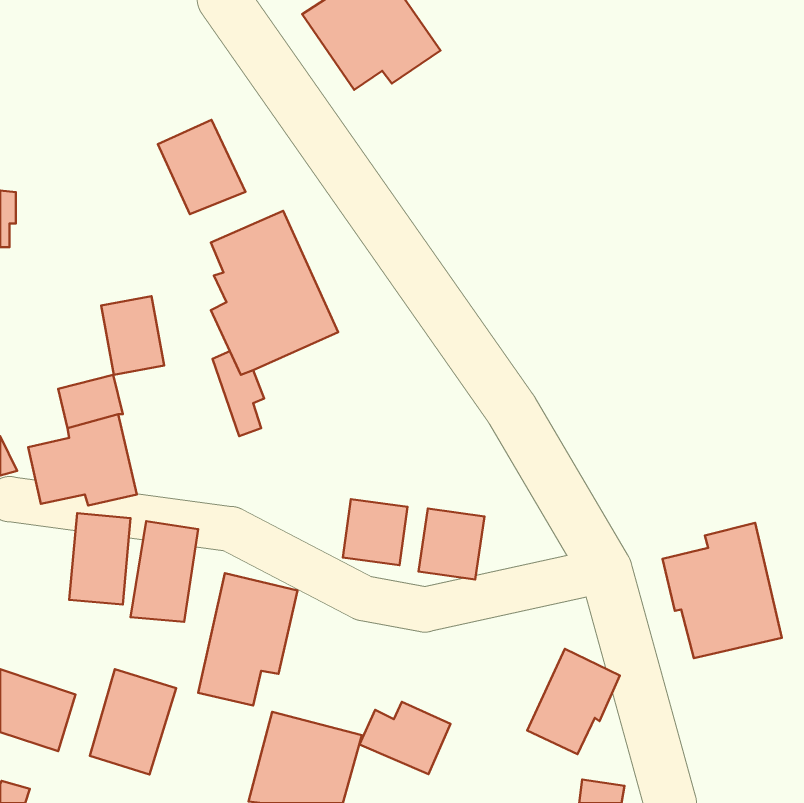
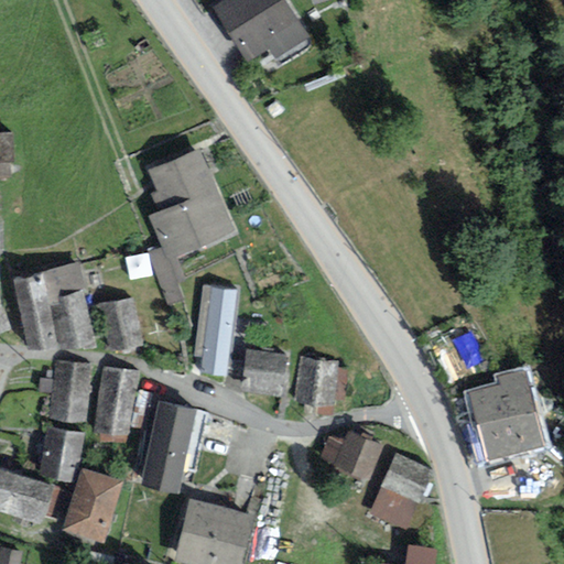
building: [158,120,246,214] -> none
building: [101,296,164,375] -> [97,297,141,352]
building: none -> [12,272,48,313]
building: none -> [193,285,237,377]
building: none -> [39,426,83,480]
building: [359,702,451,774] -> [318,431,382,481]

